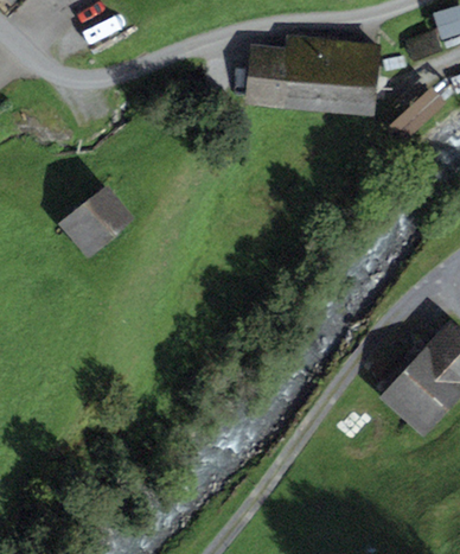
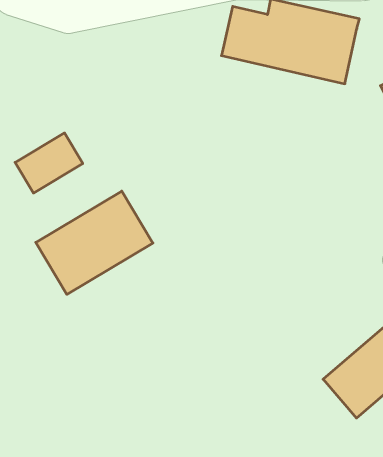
building: none -> [36,191,153,294]

